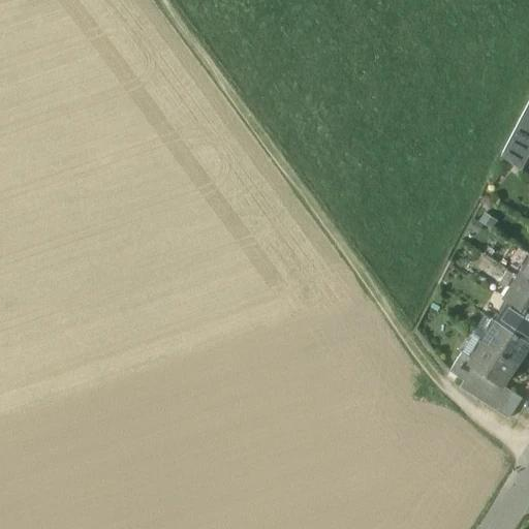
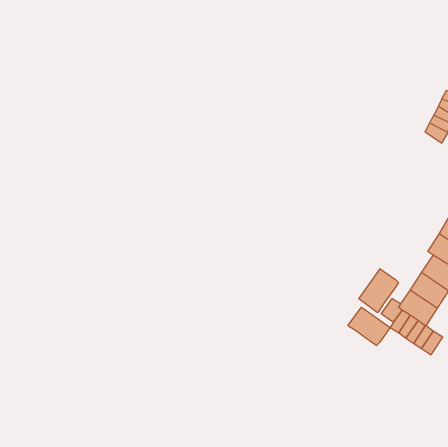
building: none -> [359,269,399,313]
building: none -> [348,307,390,346]

